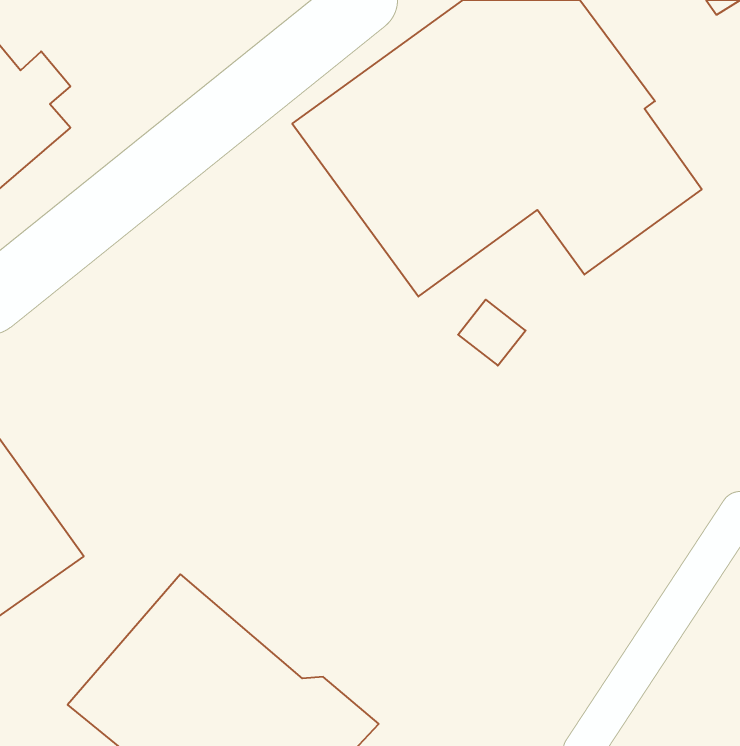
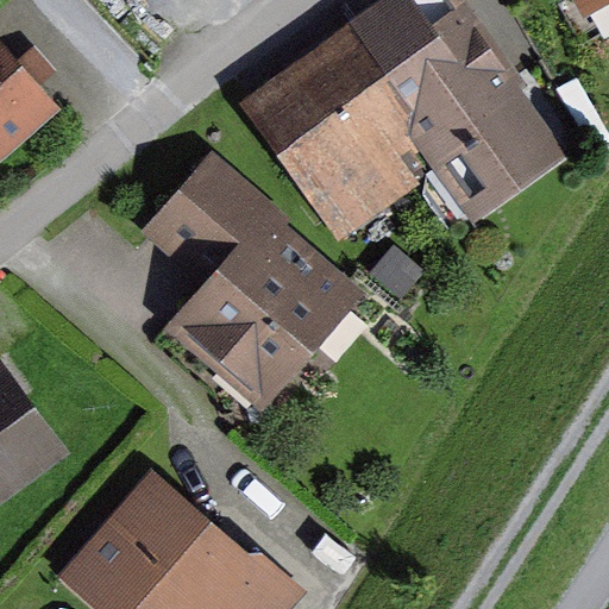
building: none -> [142,156,366,412]

